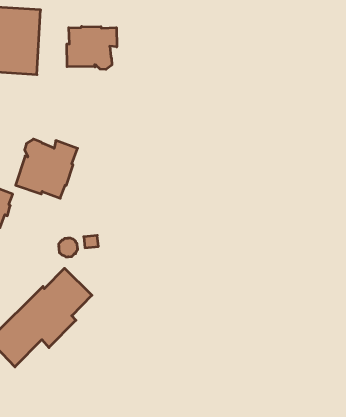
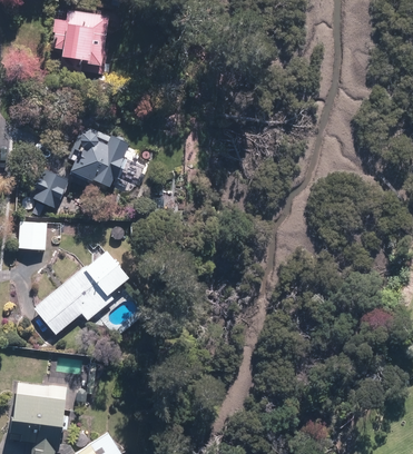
building: [67,26,117,69] -> none

